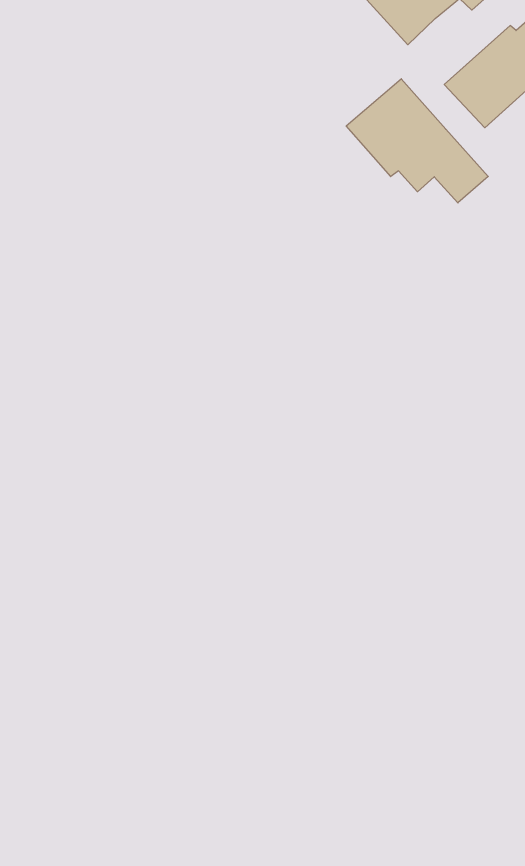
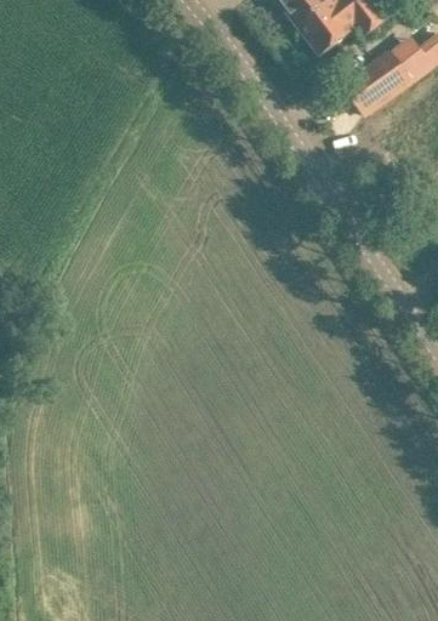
building: [346,79,488,203] -> none

